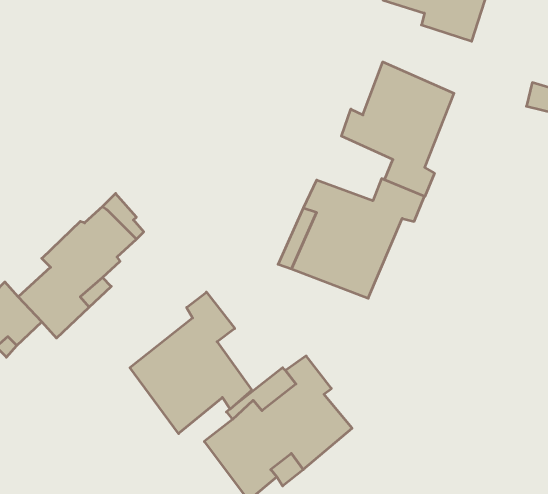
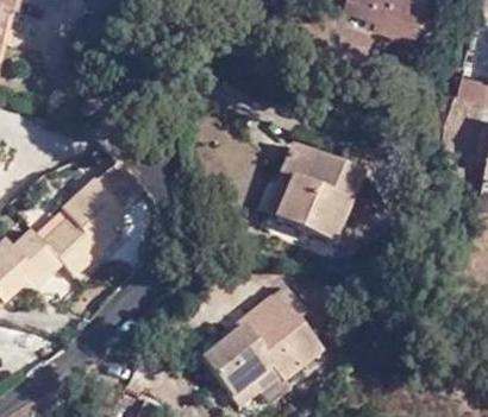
building: [341,62,454,196] -> none
building: [130,292,252,434] -> none

